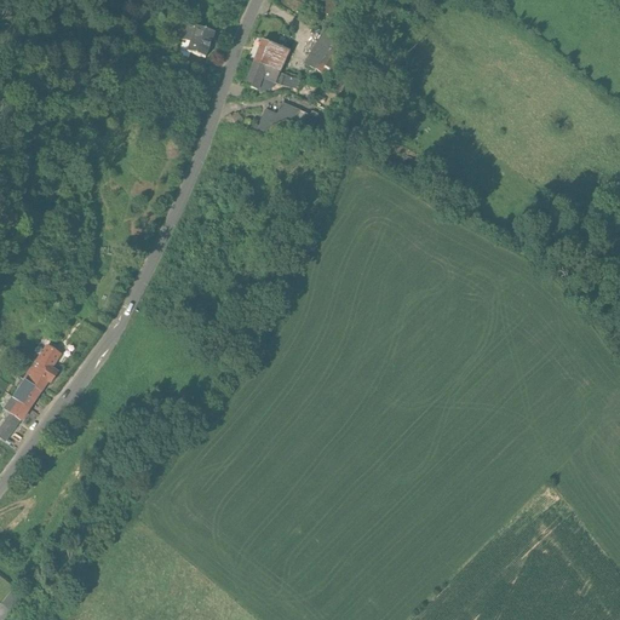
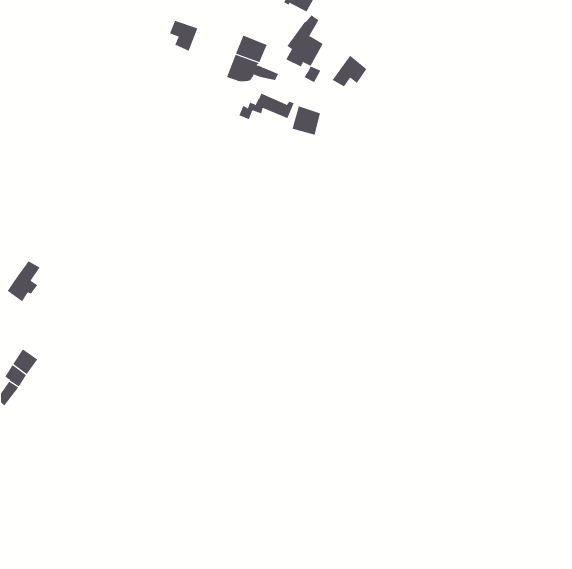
building: none -> [332,55,367,87]
building: none -> [292,105,321,135]
building: [24,344,61,389] -> [7,261,41,302]

